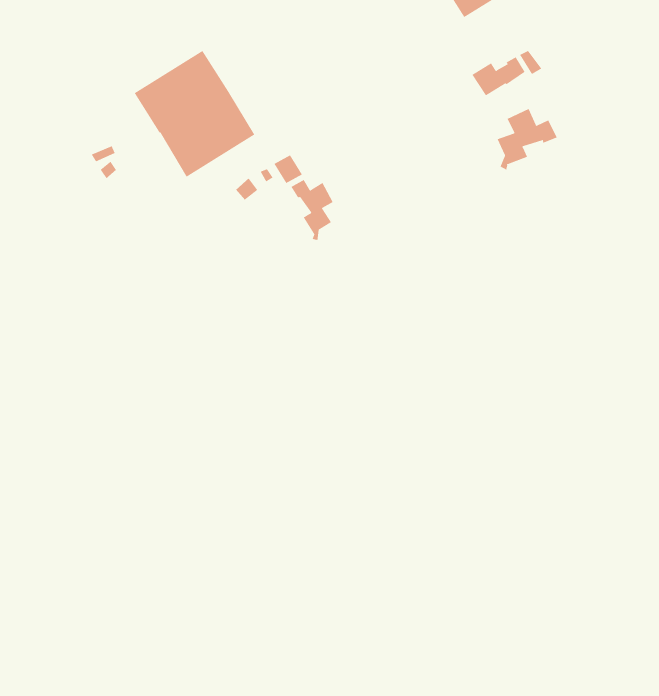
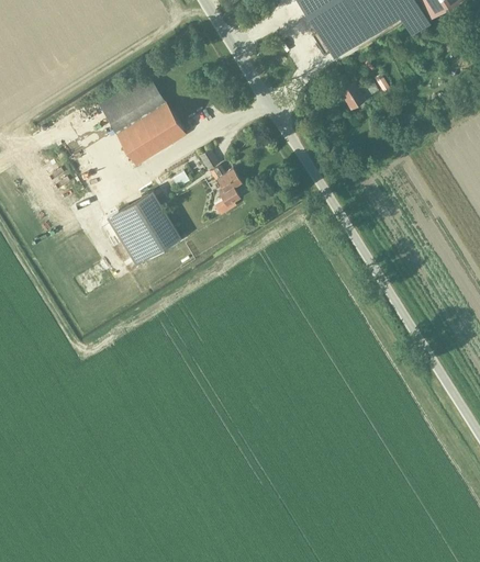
building: [497,108,558,170] -> none
building: none -> [108,192,181,267]

